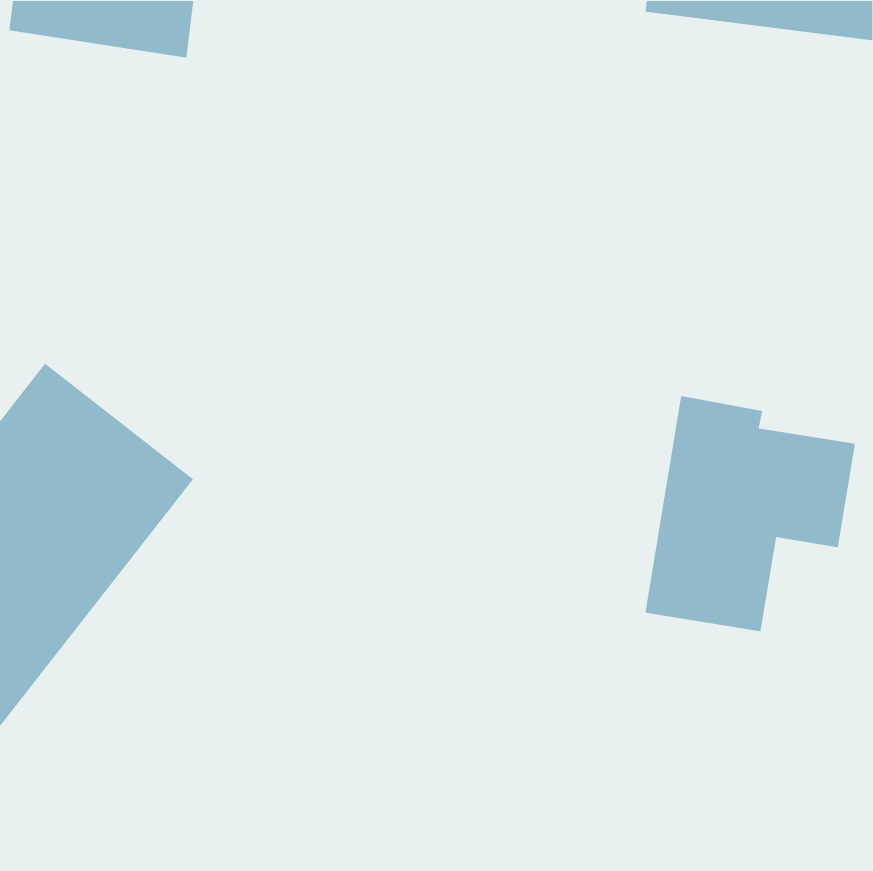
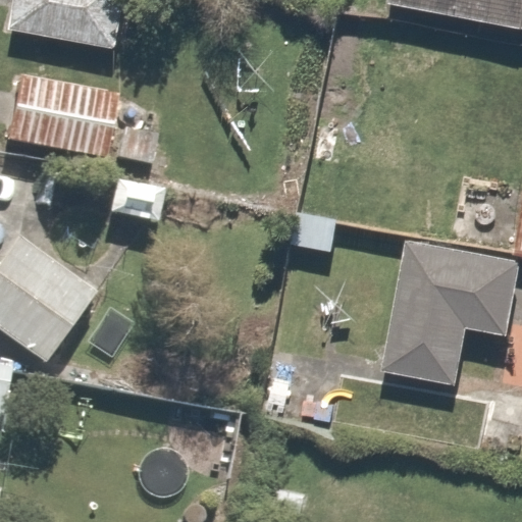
building: none -> [5,75,128,154]

